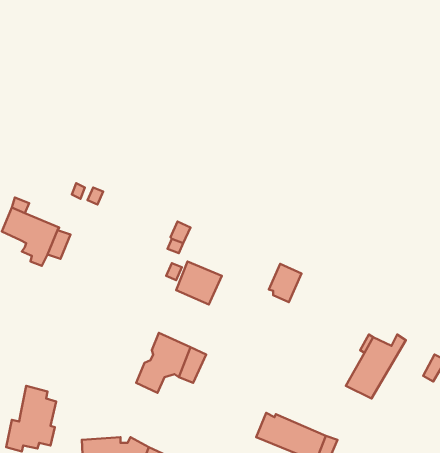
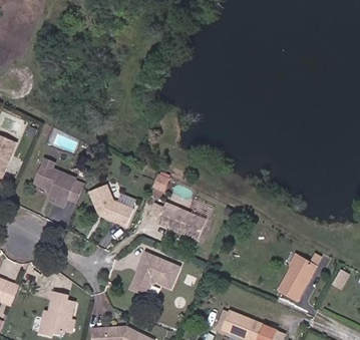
building: none -> [90,184,133,225]
building: [269,264,302,302] -> [183,213,206,240]

